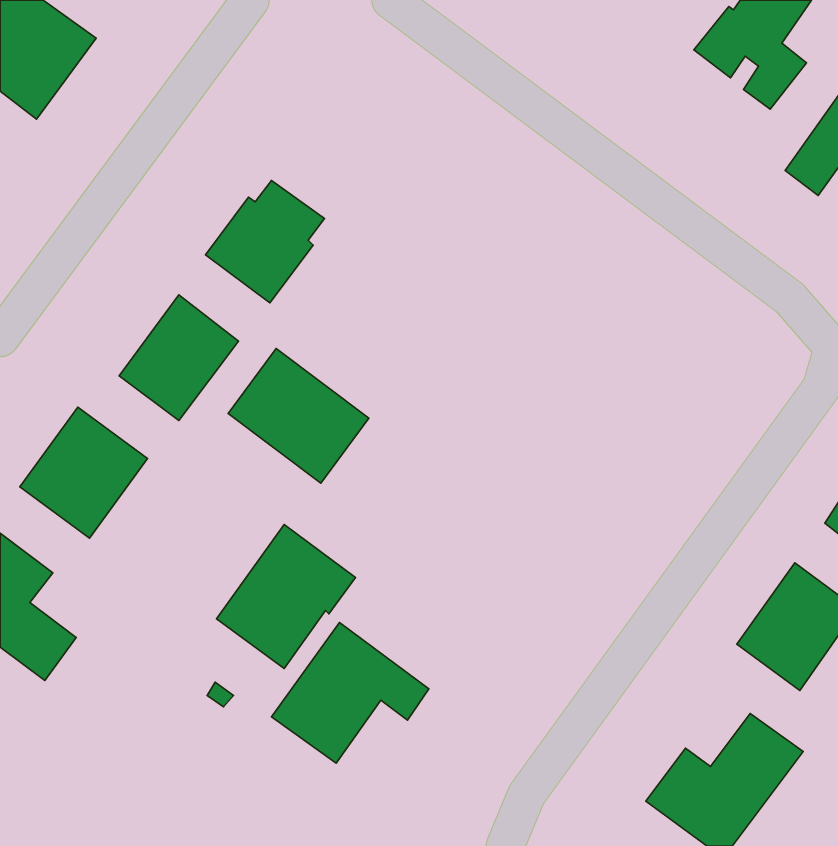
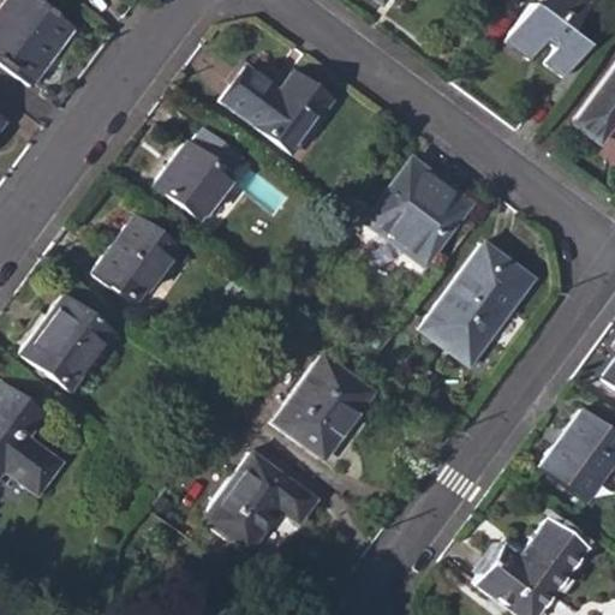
building: none -> [222,66,332,154]
building: none -> [368,160,466,264]
building: none -> [422,244,533,365]
building: [228,349,369,483] -> none
building: [216,525,355,669] -> [274,354,375,459]

